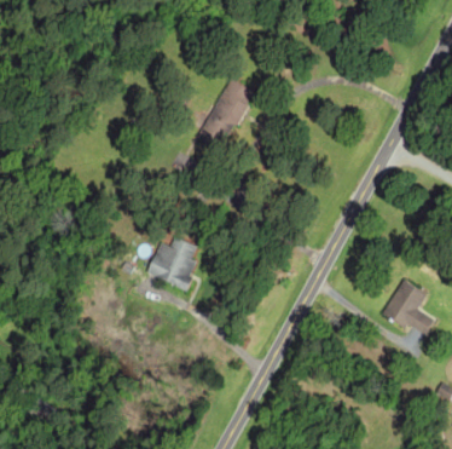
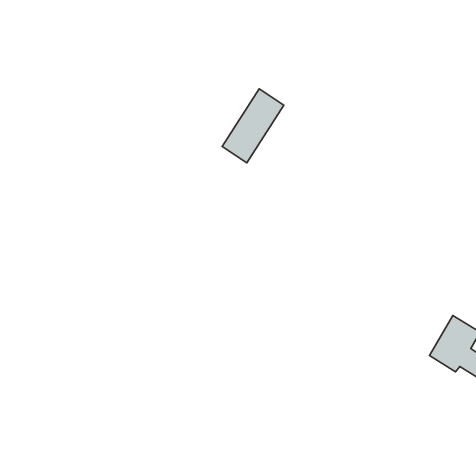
building: [146,240,196,288] -> none

